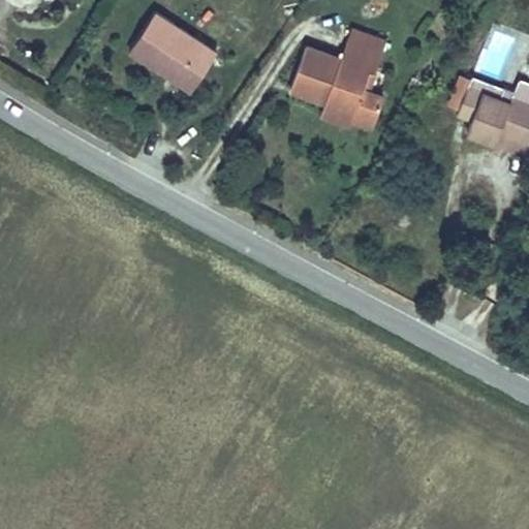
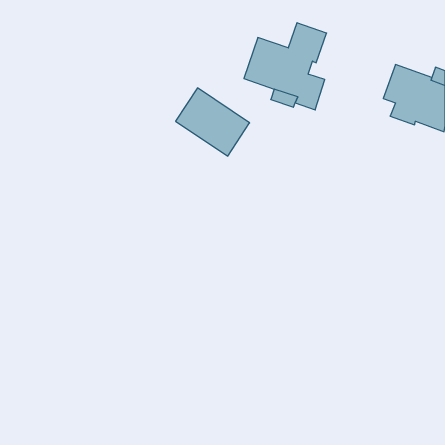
building: [130,12,218,93] -> [176,88,250,156]

